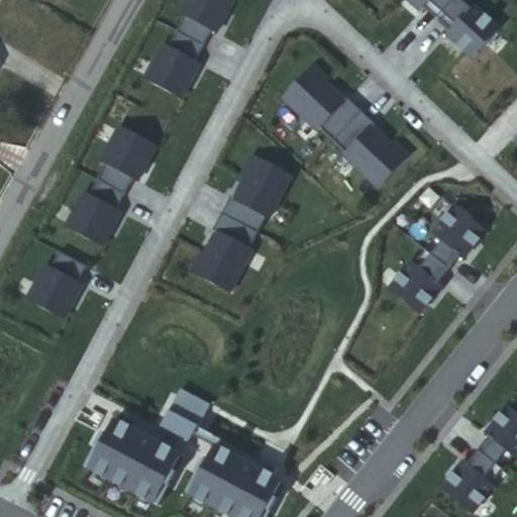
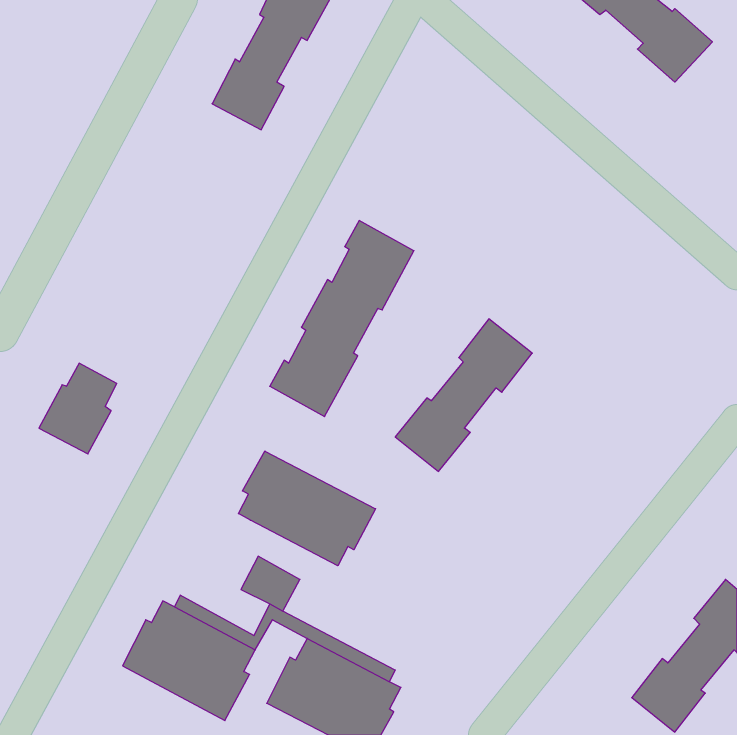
building: [283,65,409,188] -> none
building: [73,121,157,232] -> none
building: [389,206,485,313] -> [395,319,532,471]
building: none -> [238,451,376,566]

